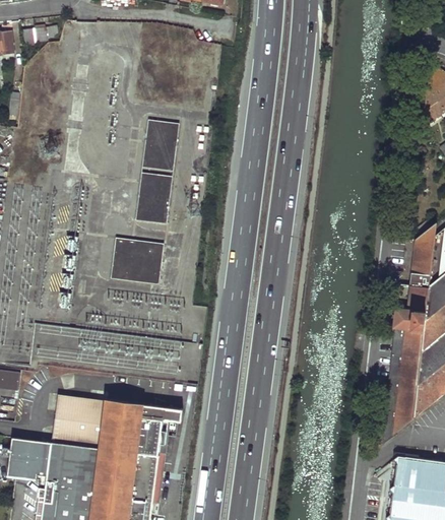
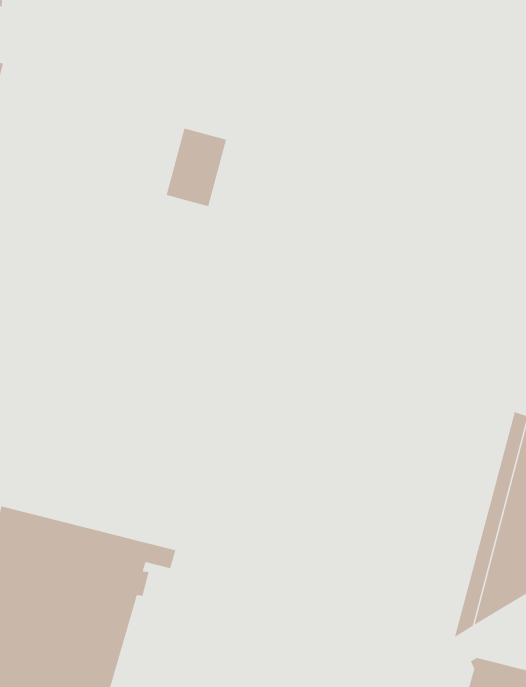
building: [136,173,174,224] -> none
building: [112,238,165,284] -> none

